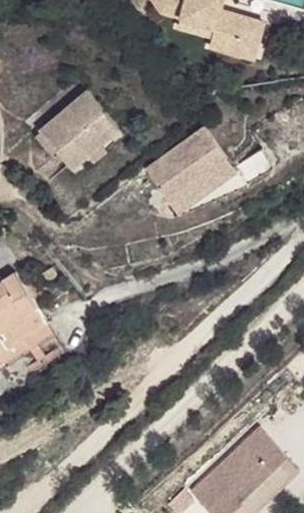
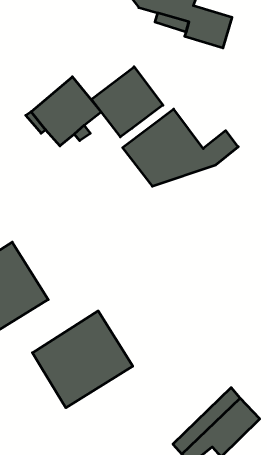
building: none -> [91,67,163,137]
building: none -> [32,311,133,408]

